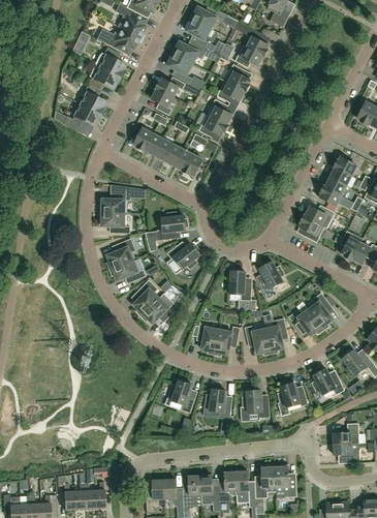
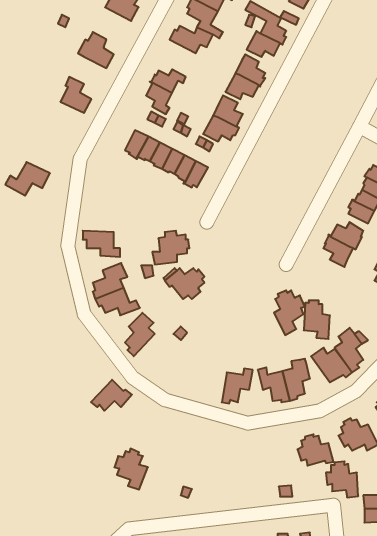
building: [96,26,138,54] -> none
building: [166,53,192,84] -> none
building: [87,67,118,90] -> none
building: [62,104,99,132] -> [5,162,50,196]
building: [98,192,130,213] -> none
building: [229,269,251,301] -> [304,300,330,339]
building: [140,298,175,324] -> [91,380,132,411]
building: [196,324,218,355] -> none
building: [168,378,196,413] -> [114,449,148,490]
building: [205,387,231,416] -> none
building: [242,388,269,418] -> [326,461,358,497]

